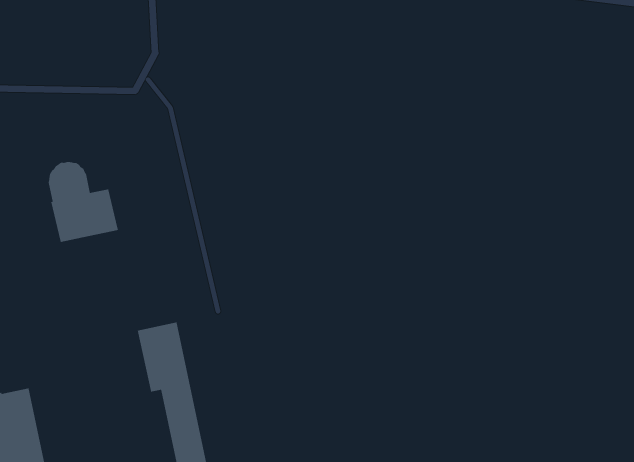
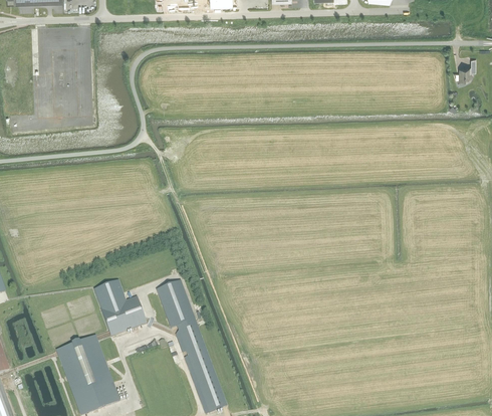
building: [48,161,119,243] -> [97,283,146,335]

